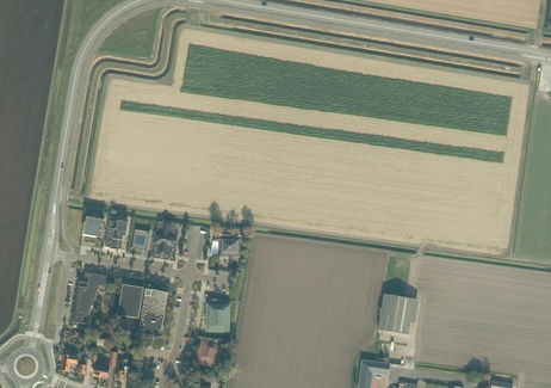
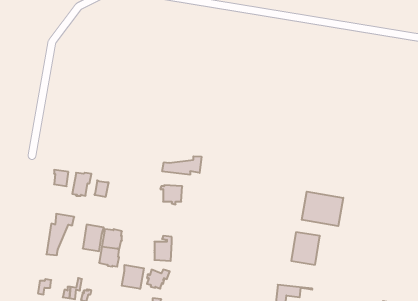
building: none -> [162,156,201,175]
building: [154,222,178,255] -> none
building: none -> [302,192,343,226]
building: none -> [122,265,144,289]

